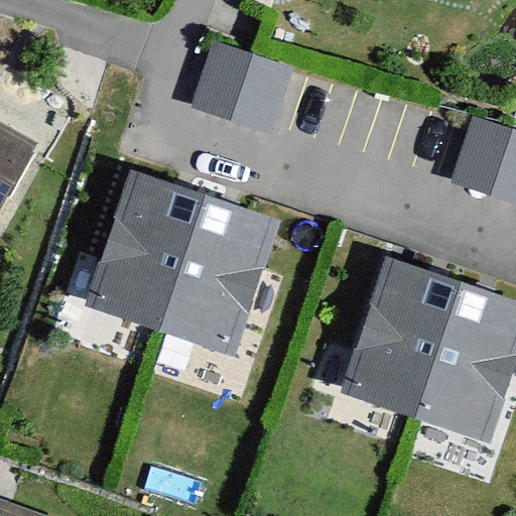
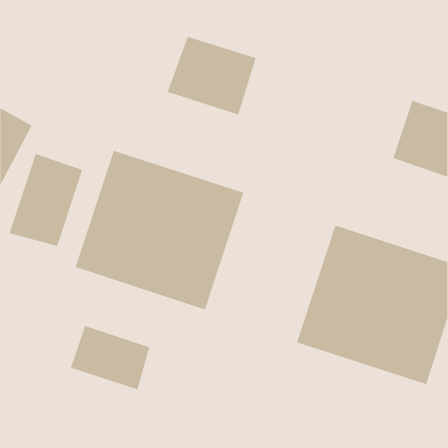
building: none -> [9,153,83,247]
building: none -> [70,325,150,390]

